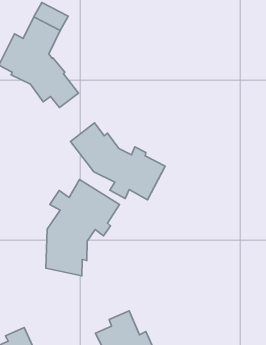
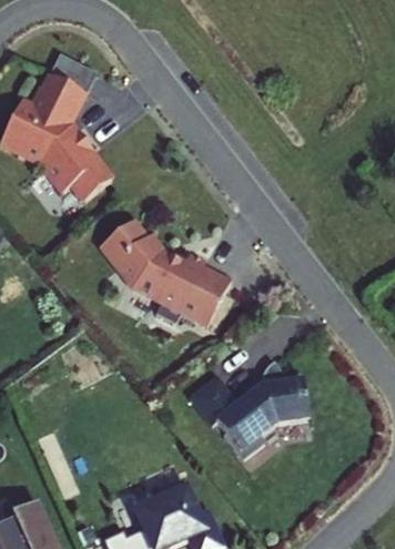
building: [46,180,120,276] -> none
building: none -> [190,364,307,456]

